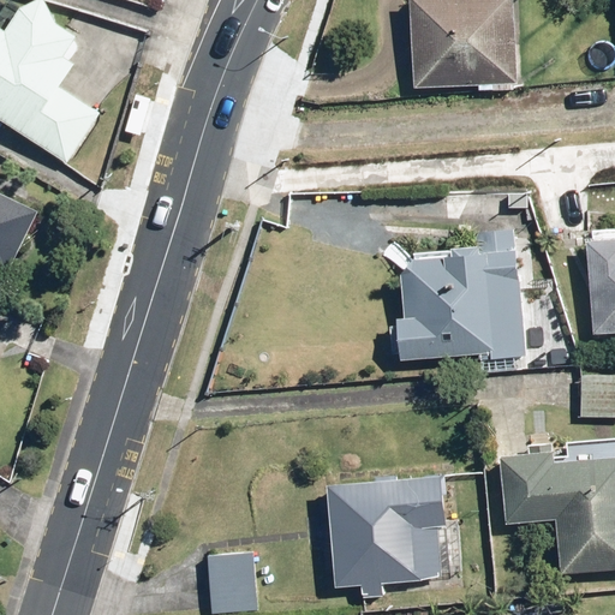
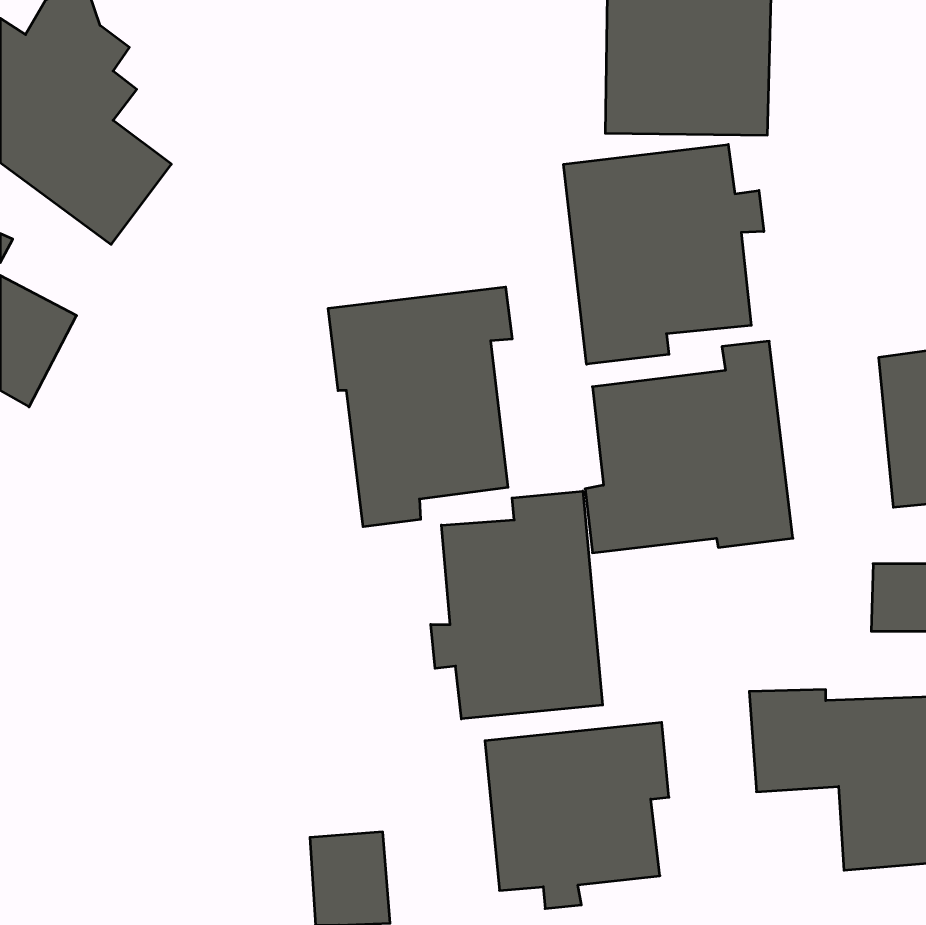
building: none -> [564,144,764,364]
building: none -> [328,287,512,527]
building: none -> [431,491,603,719]

